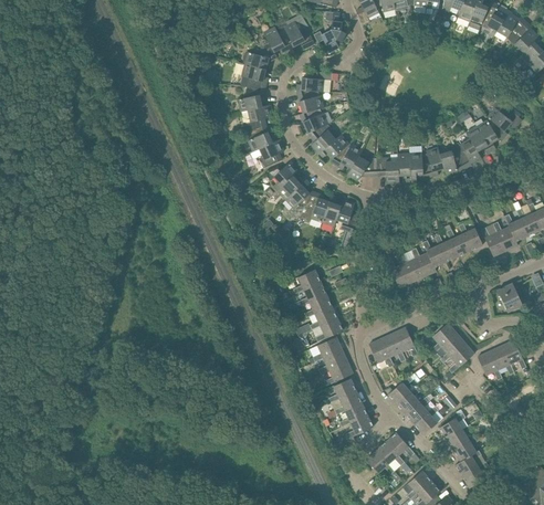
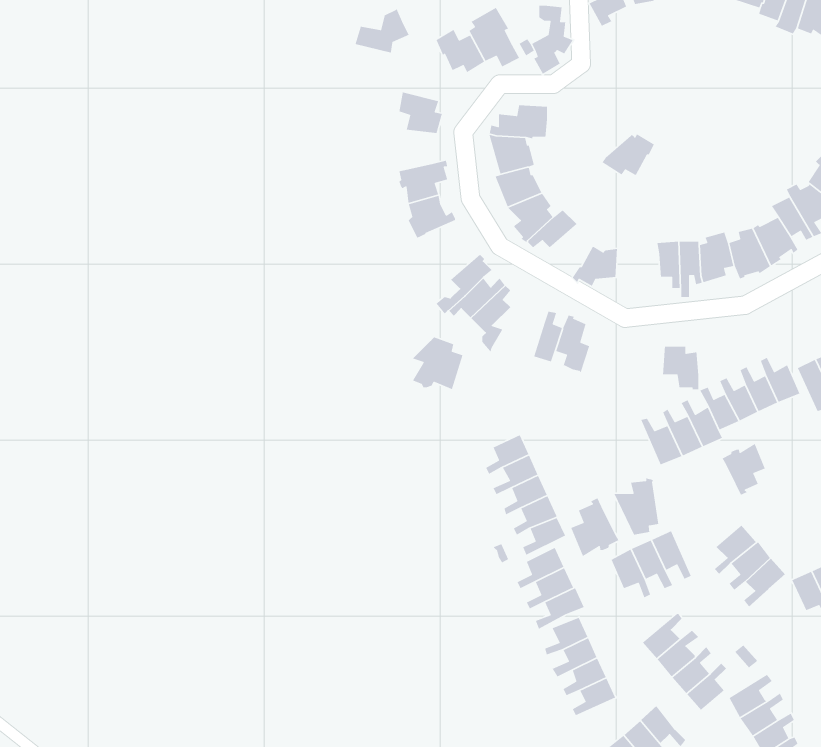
building: [244,42,278,70] -> [355,7,410,54]
building: [238,87,265,113] -> none
building: [258,139,284,169] -> none
building: [331,144,363,169] -> [602,133,655,176]
building: [377,158,399,185] -> [662,346,699,390]
building: [299,191,329,223] -> [412,337,464,390]
building: none -> [722,443,766,496]
building: none -> [613,477,659,536]
building: none -> [570,497,619,557]

